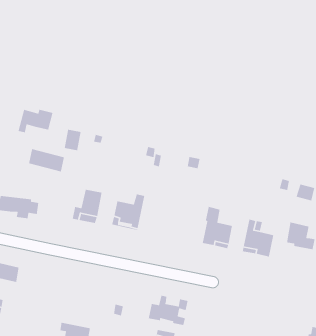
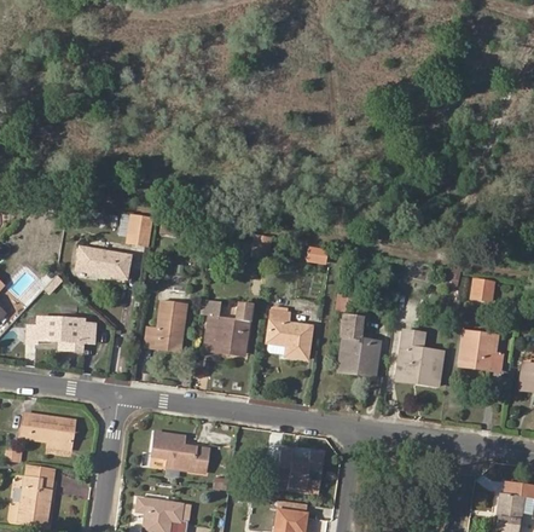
building: [17,109,54,133] -> none
building: none -> [266,311,310,359]
building: none -> [152,433,208,473]

